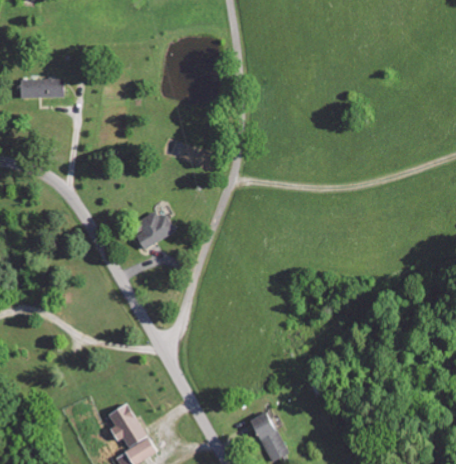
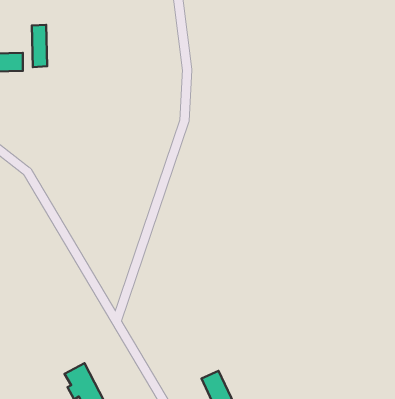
building: none -> [32,25,47,67]
building: [135,212,175,250] -> none

